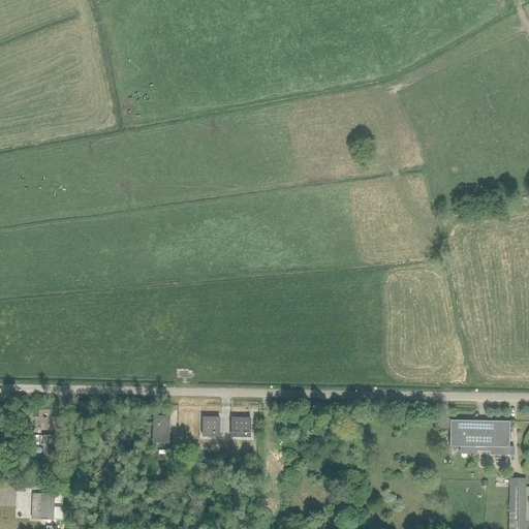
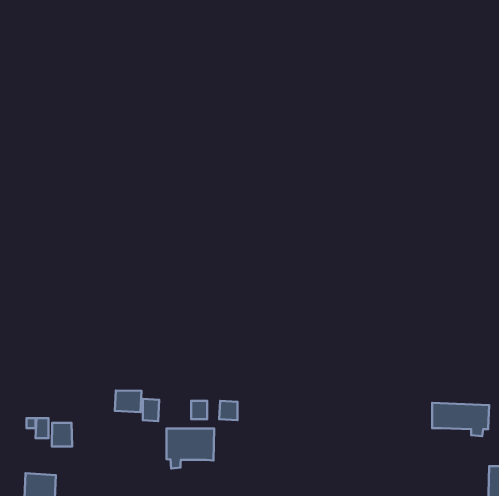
building: none -> [115,390,142,412]
building: none -> [52,423,72,446]
building: none -> [166,428,214,468]

